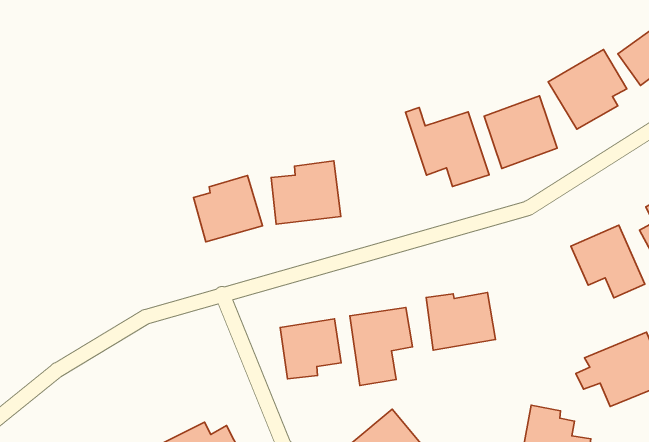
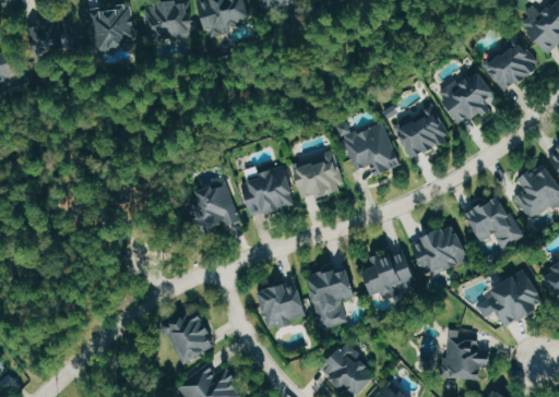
building: none -> [293,153,344,201]
building: none -> [412,224,469,277]
building: none -> [163,309,214,363]

